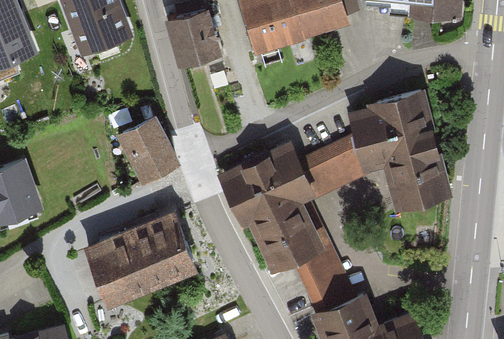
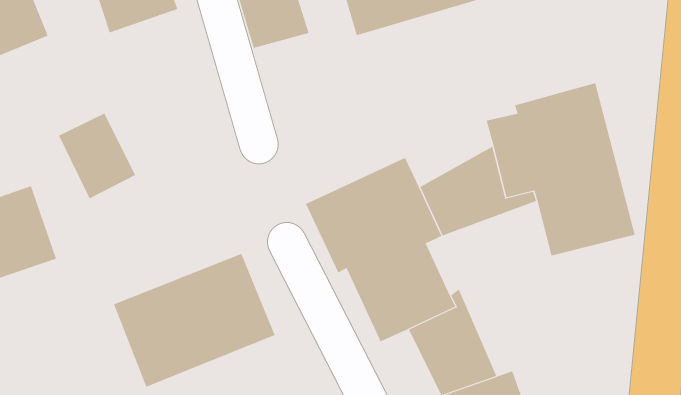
building: [119,122,174,183] -> [58,113,136,199]

